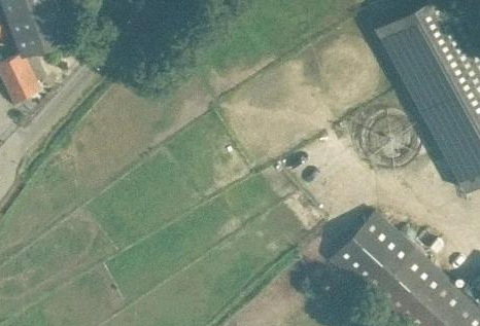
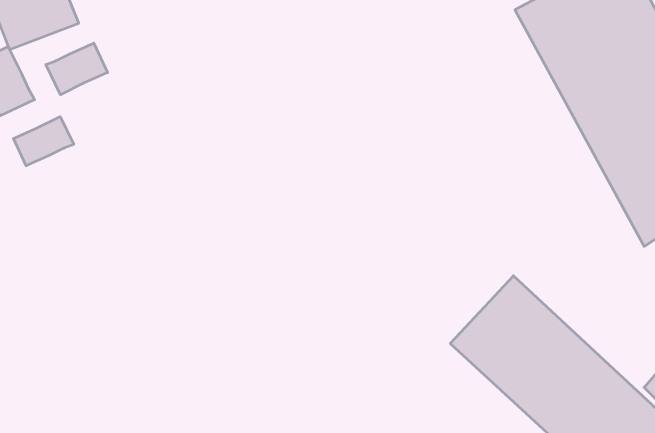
building: none -> [46,43,108,95]
building: none -> [13,117,74,166]

